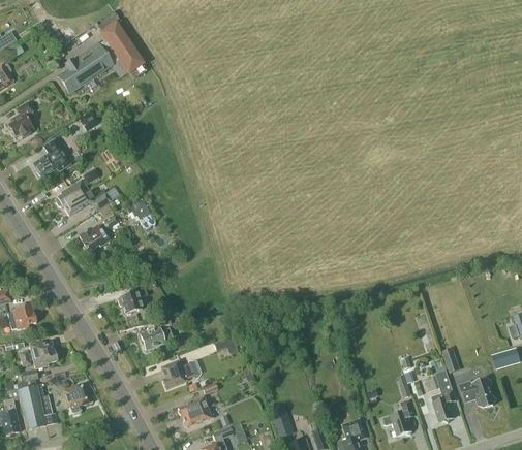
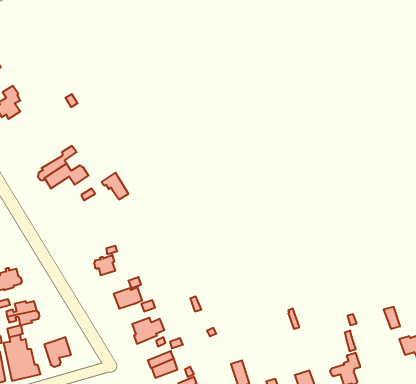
building: [55,25,142,94] -> none
building: [31,138,70,180] -> none
building: [79,225,110,251] -> none
building: [431,369,456,422] -> none

